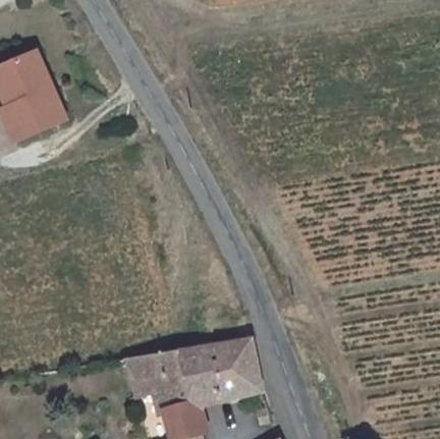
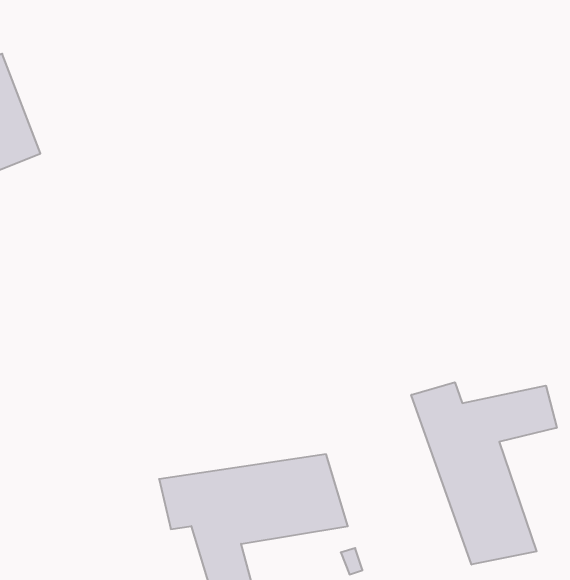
building: none -> [411,382,557,565]

